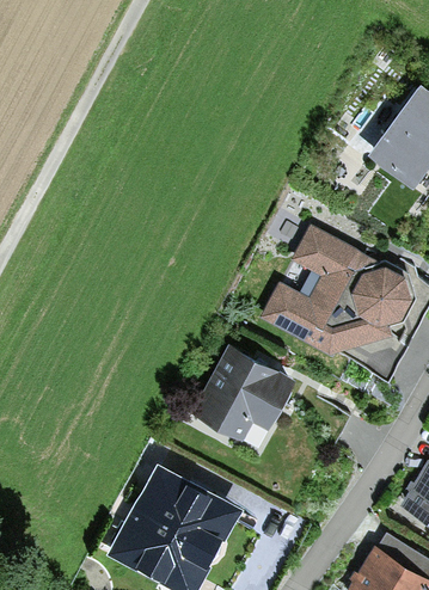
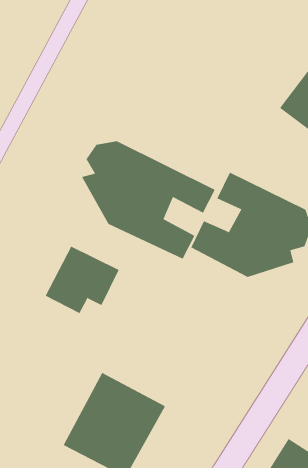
building: none -> [81,141,216,260]
building: [197,350,287,431] -> [45,246,120,314]

